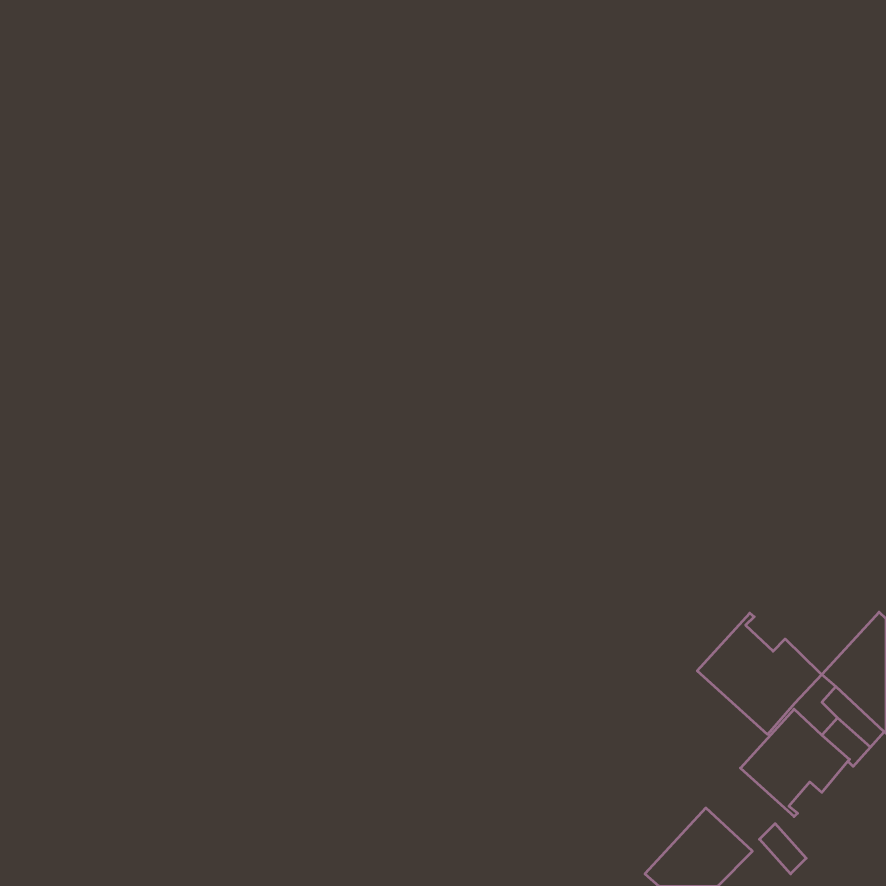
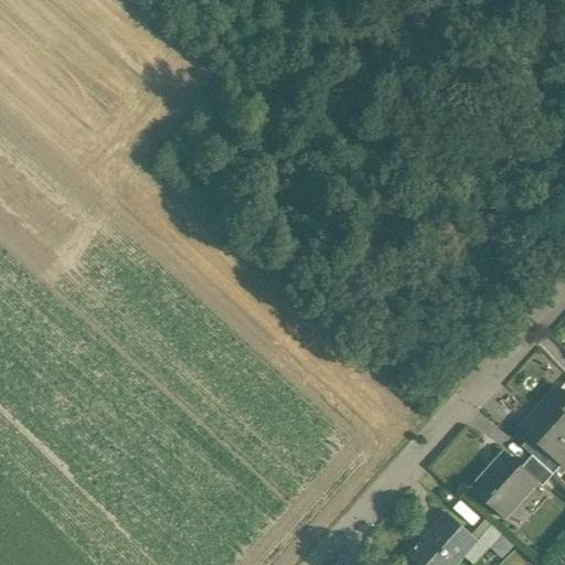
building: [697,613,822,734] -> none

